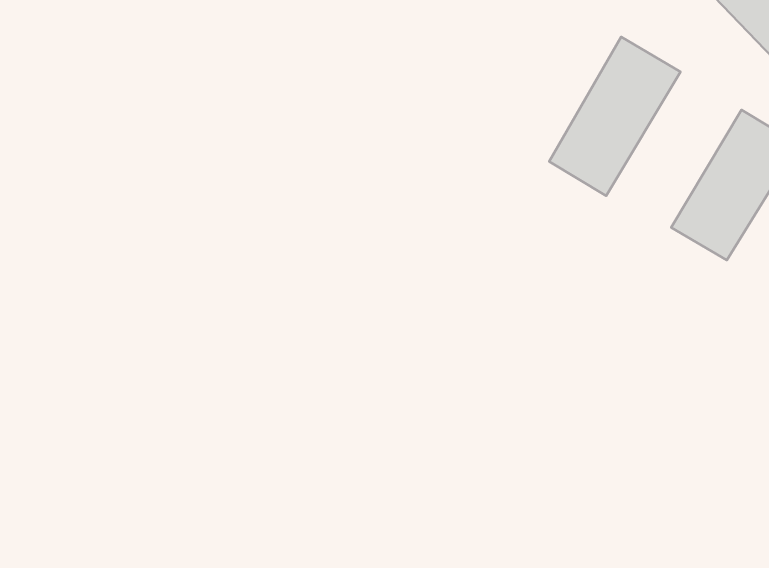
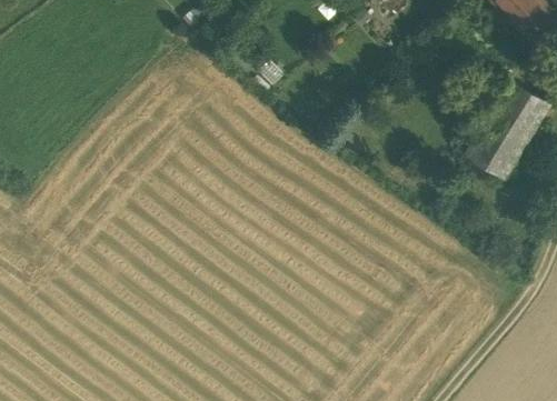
building: [549,37,680,196] -> none

